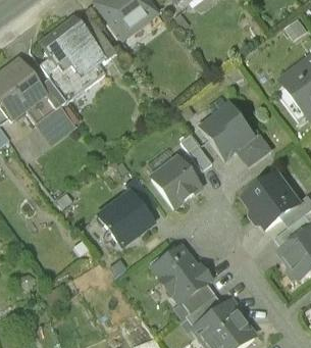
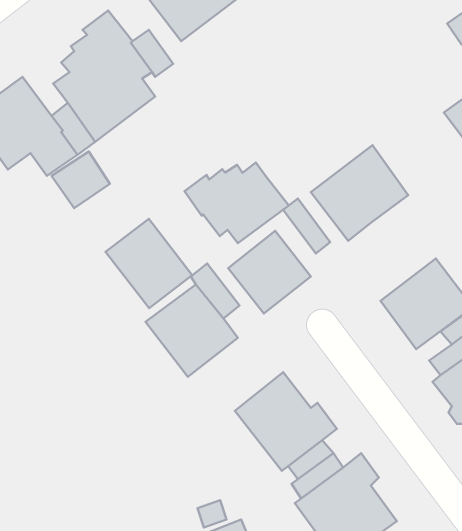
building: none -> [185,162,289,243]
building: [238,133,273,166] -> none
building: none -> [106,219,192,308]

